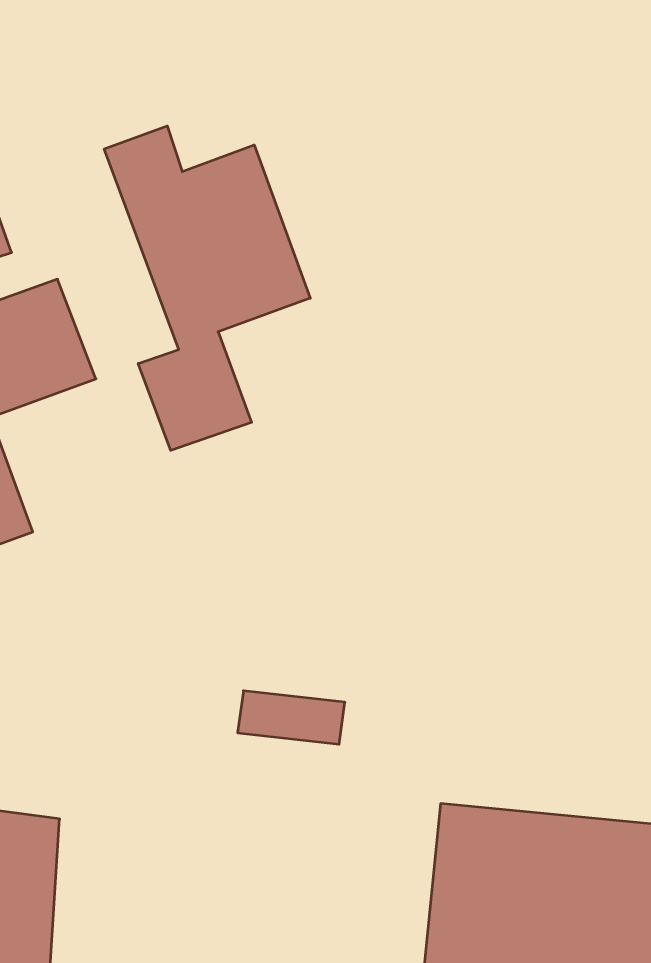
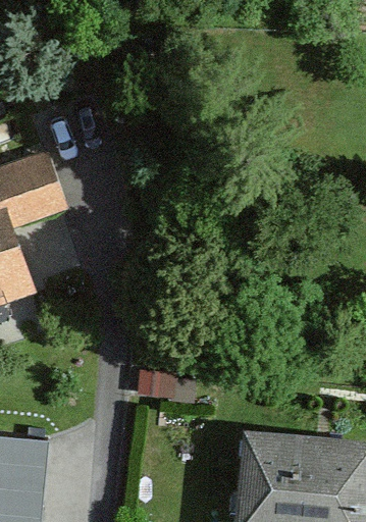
building: [104,126,310,450] -> none

